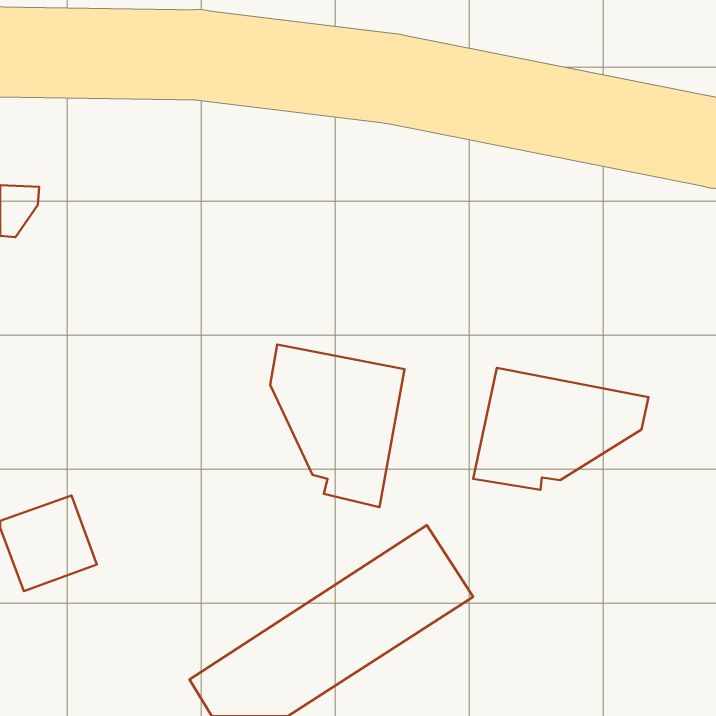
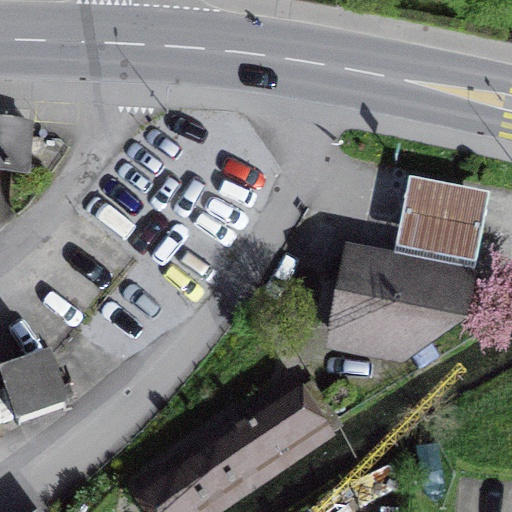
building: none -> [396,179,488,264]
building: [270,345,404,507] -> none

